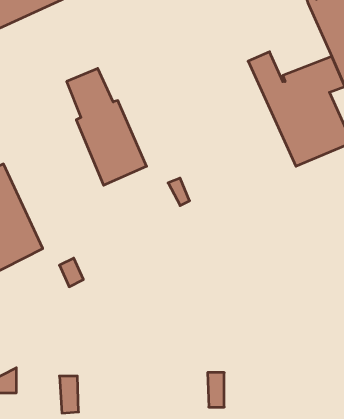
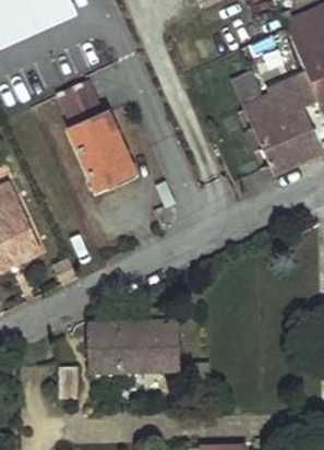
building: none -> [88,322,180,372]

